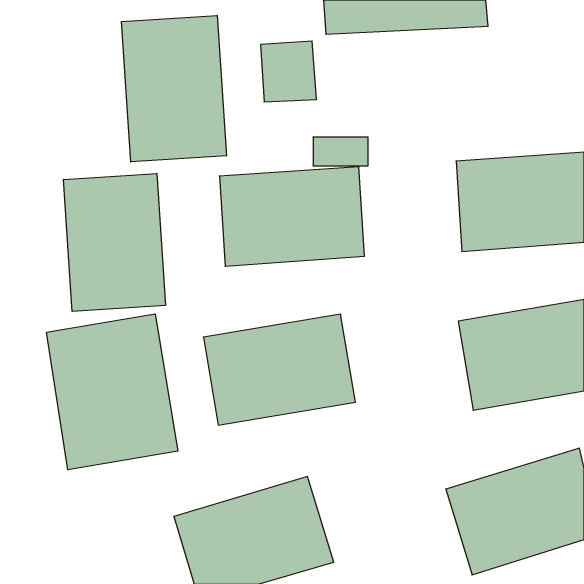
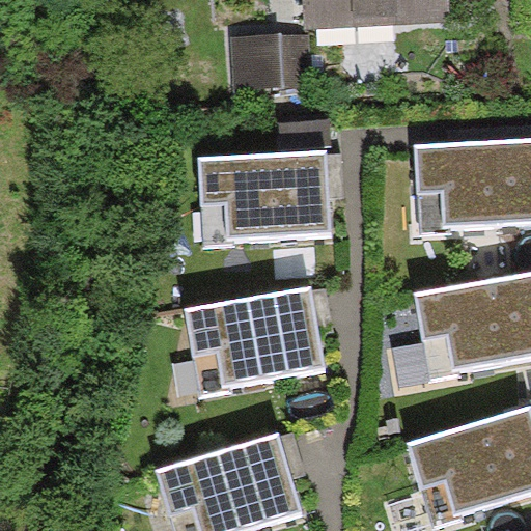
building: [121,15,227,162] -> none
building: [64,173,165,311] -> none
building: [46,314,178,470] -> none

